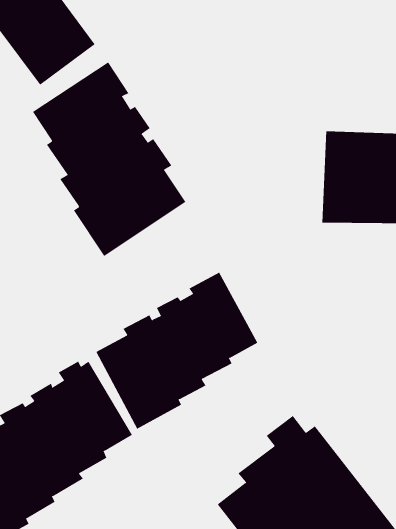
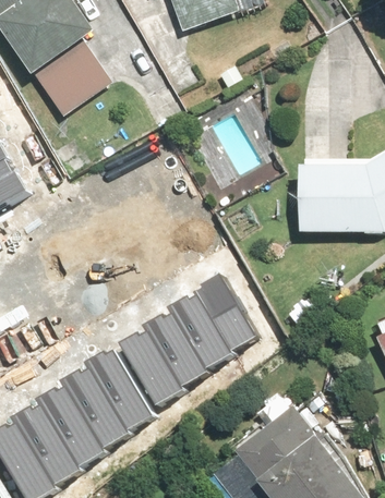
building: [32,62,186,257] -> none

